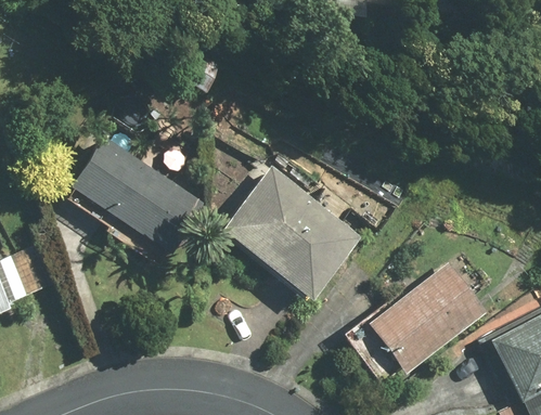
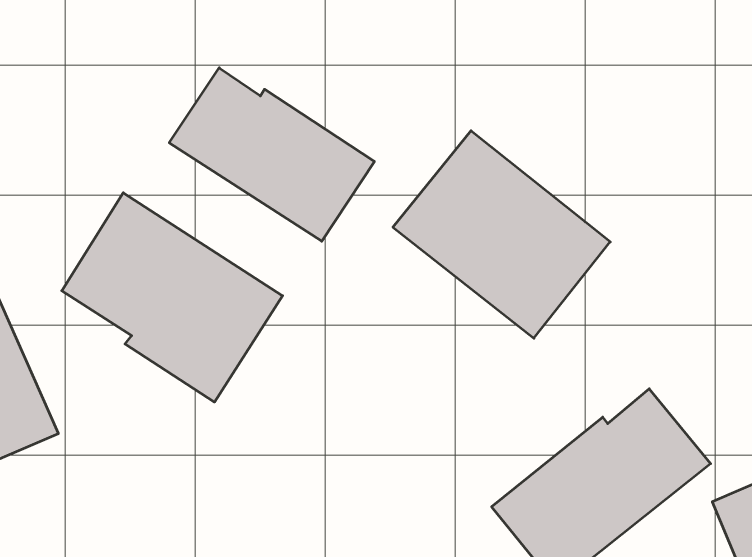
building: none -> [169,68,374,241]
building: [220,165,362,300] -> [393,131,610,338]

